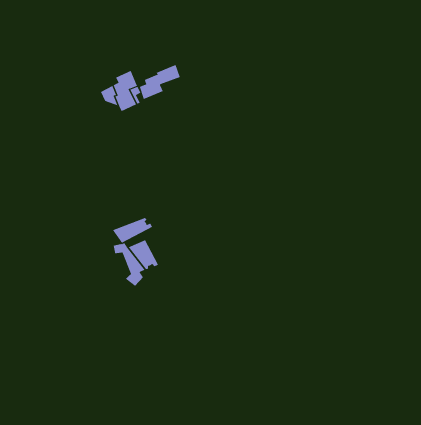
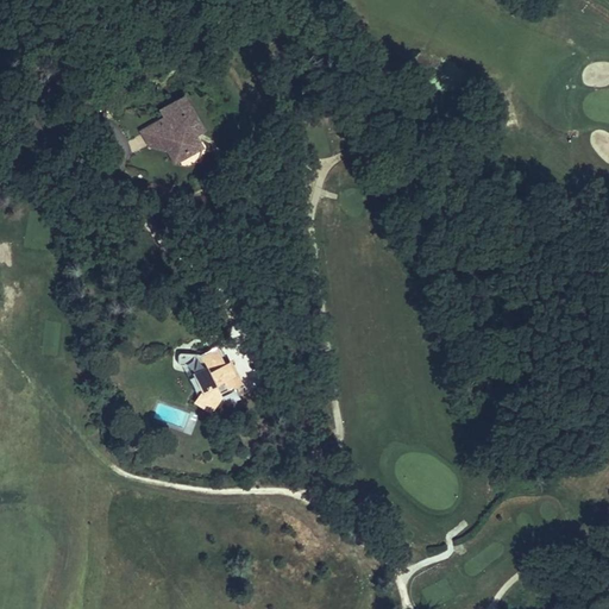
building: [139,64,180,100] -> none
building: [112,217,153,244] -> none

